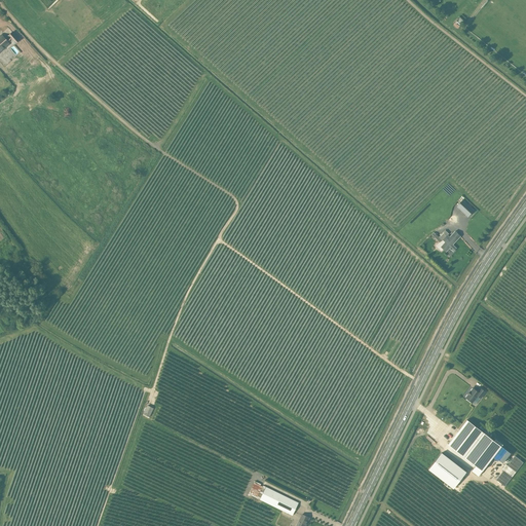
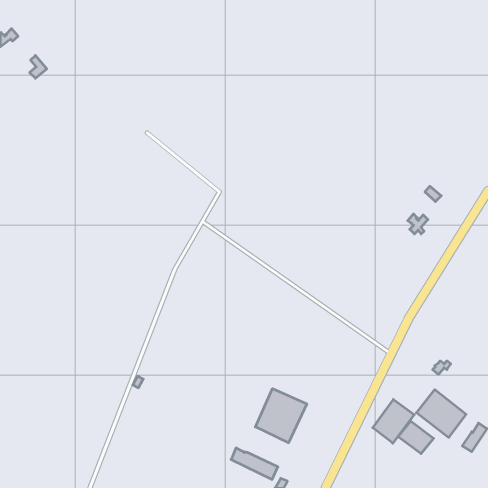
building: none -> [255,389,307,443]
building: none -> [373,399,414,443]

